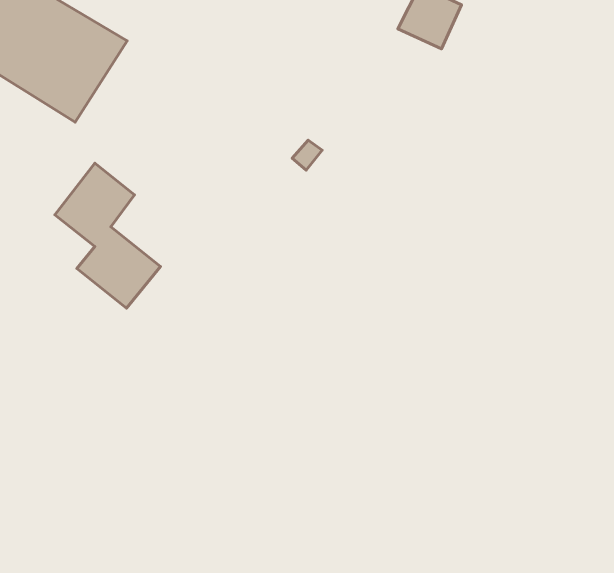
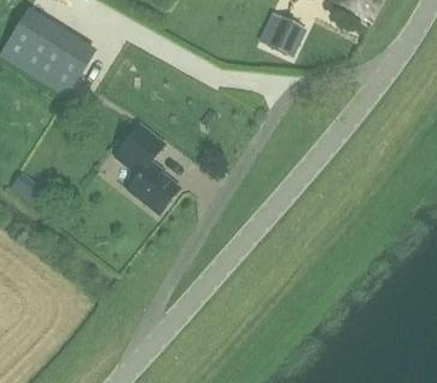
building: [55,163,161,308] -> [113,123,177,211]

